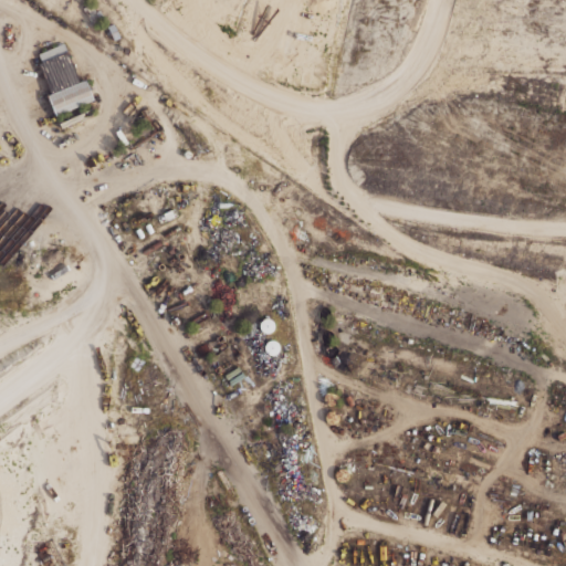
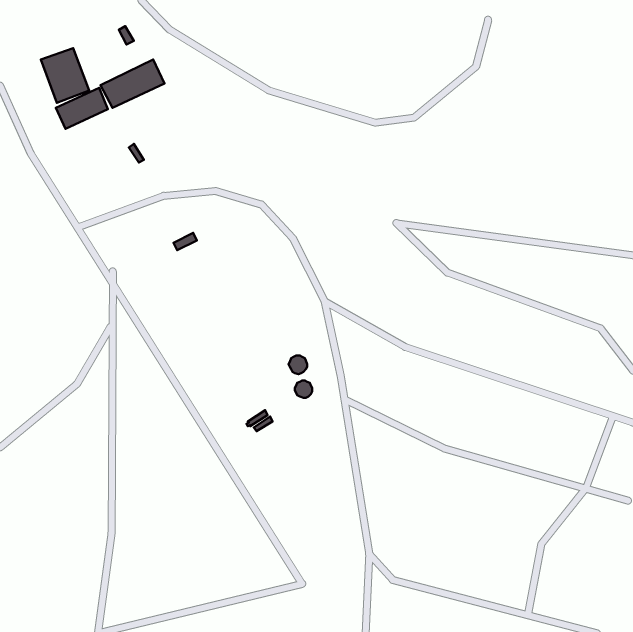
building: none -> [100,59,165,108]

